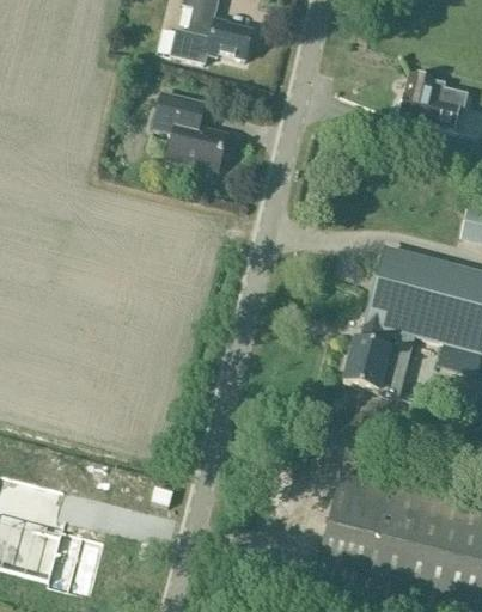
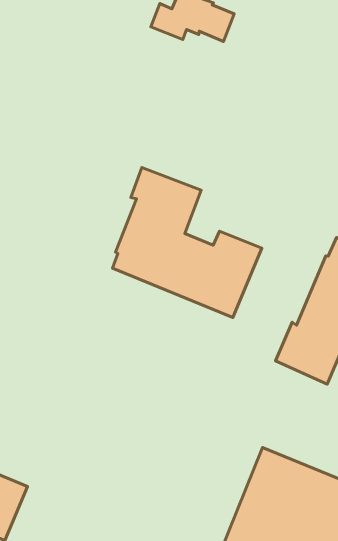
building: [154,91,227,169] -> none
building: none -> [113,168,262,317]

